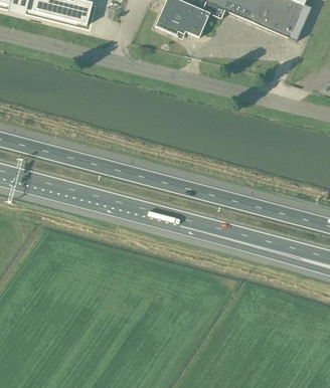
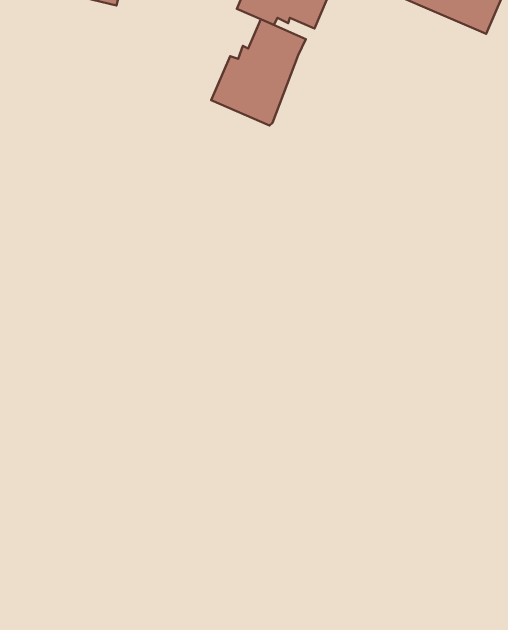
building: none -> [211,19,306,126]

